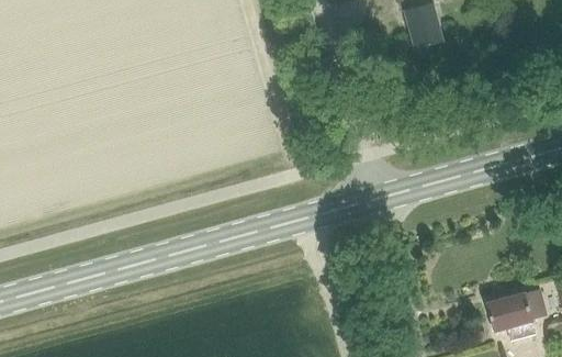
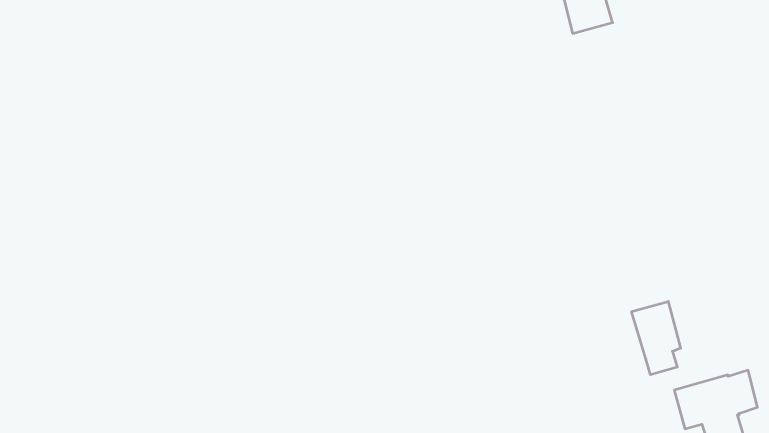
building: none -> [632,301,681,375]

